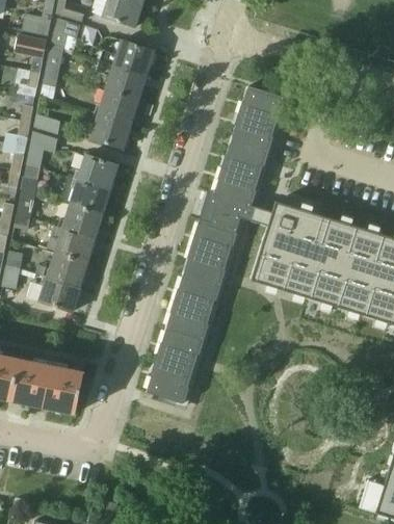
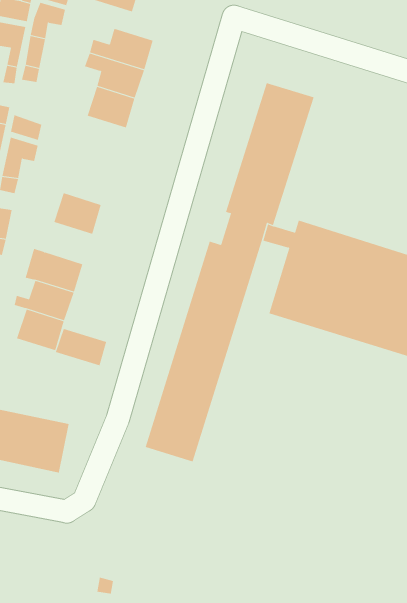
building: [90,113,131,148] -> none
building: [78,154,119,188] -> none
building: [62,203,103,238] -> none
building: none -> [55,328,107,366]

